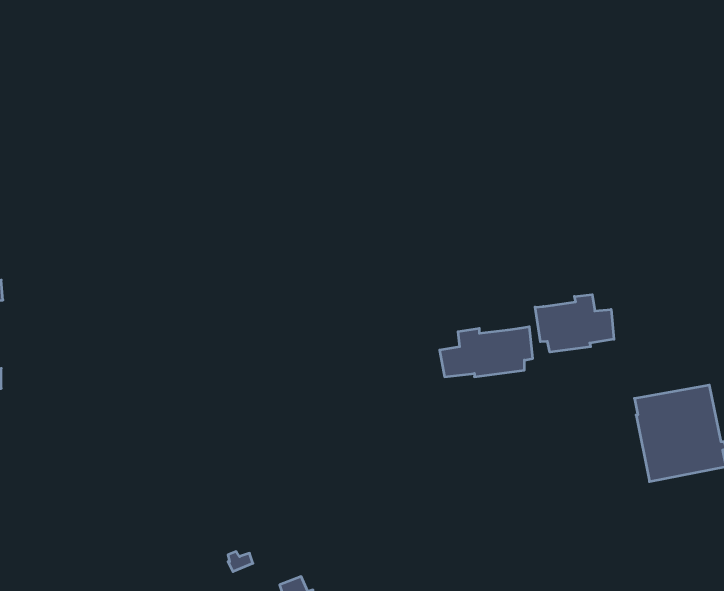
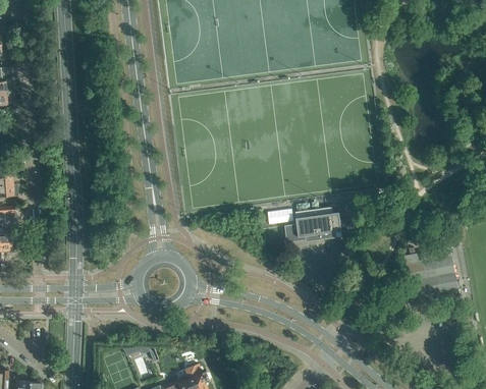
building: [535,295,614,352] -> none

